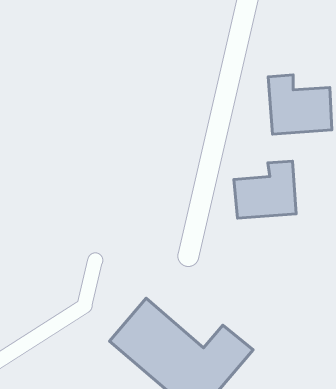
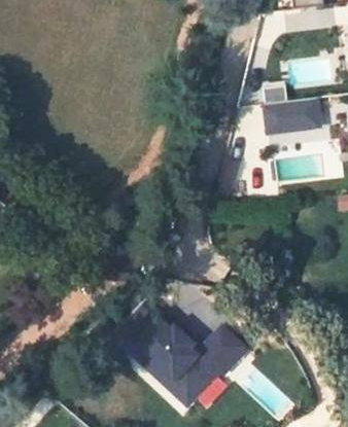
building: [234,161,296,218] -> none

